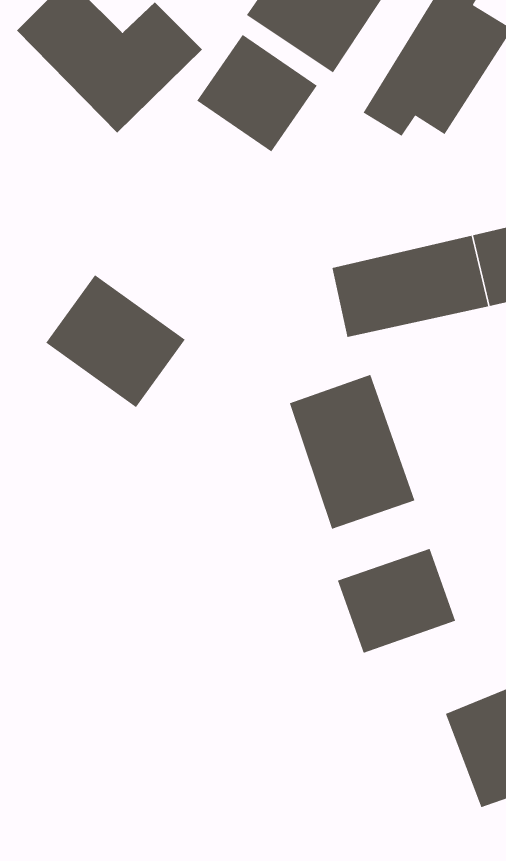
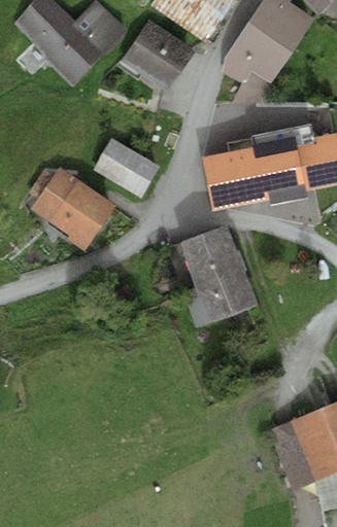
building: none -> [93,138,158,197]
building: [337,548,456,654] -> none

